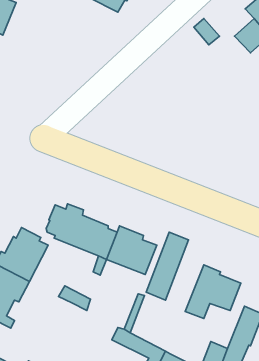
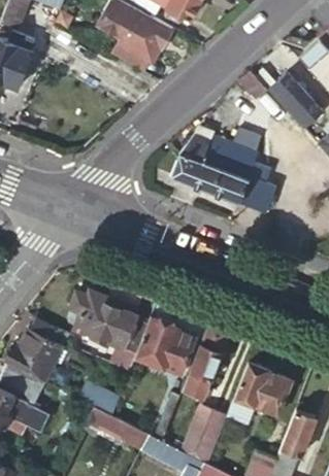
building: none -> [164,130,275,215]
building: none -> [84,404,150,447]
building: none -> [187,405,228,454]

